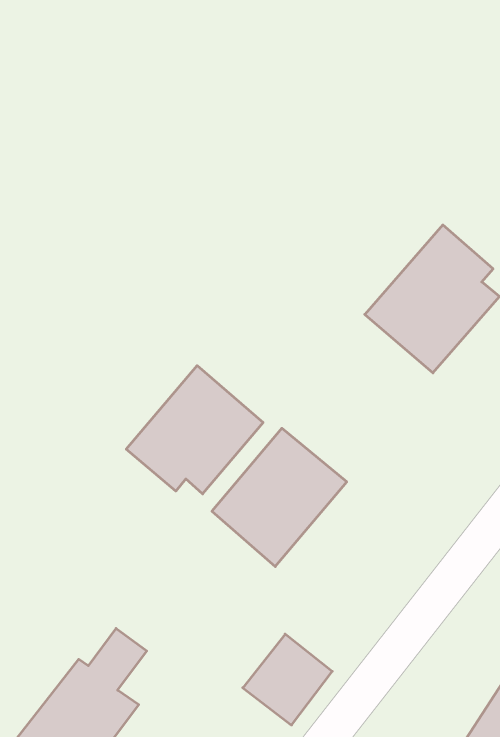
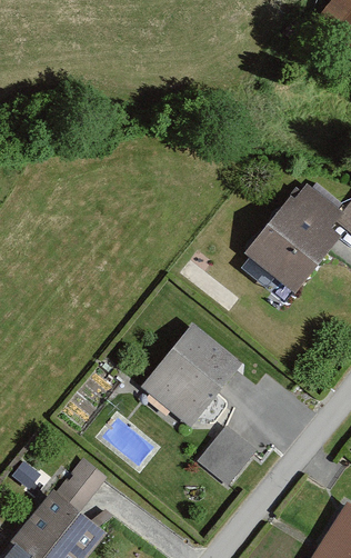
building: [126,366,263,494] -> none
building: [243,634,332,725] -> [195,421,257,484]

